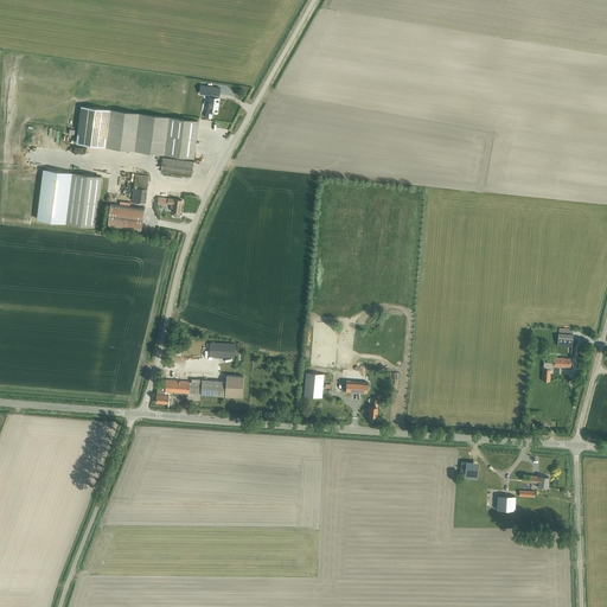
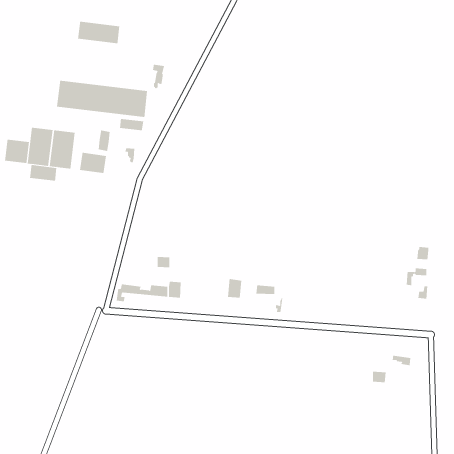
building: none -> [78,21,120,44]
building: none -> [4,139,29,164]
building: none -> [29,164,57,182]

